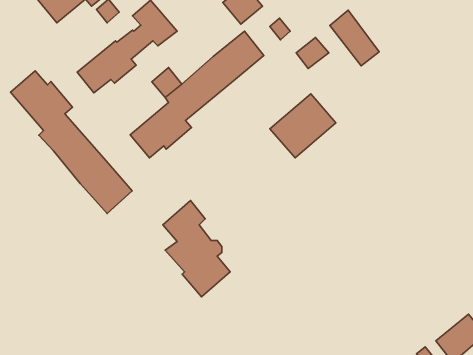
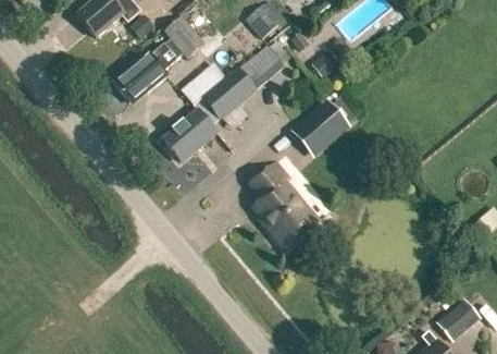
building: [330,10,379,66] -> none
building: [10,71,132,213] -> none
building: [163,201,230,297] -> [251,161,312,248]

